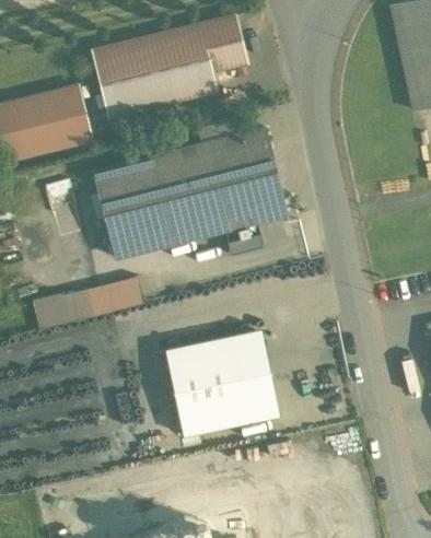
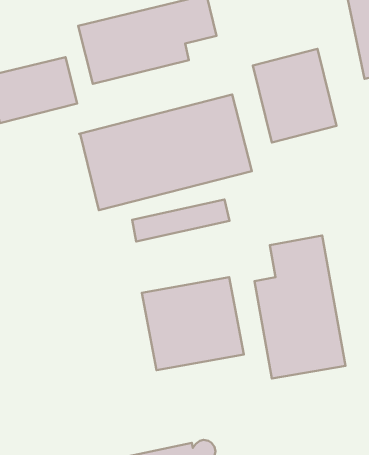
building: none -> [253,49,337,142]
building: [35,279,143,326] -> [132,199,229,242]
building: none -> [254,235,346,379]

